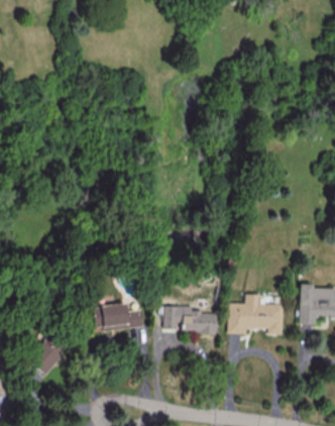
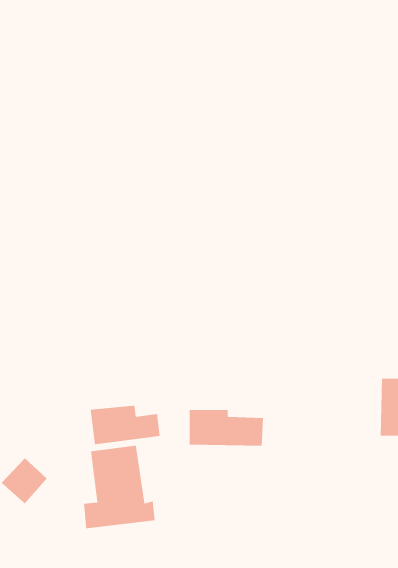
building: [226,294,283,334] -> none
building: none -> [83,445,155,529]

